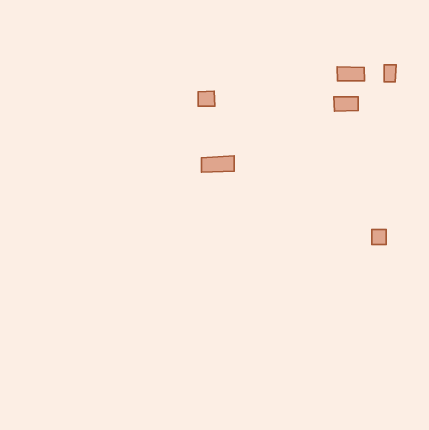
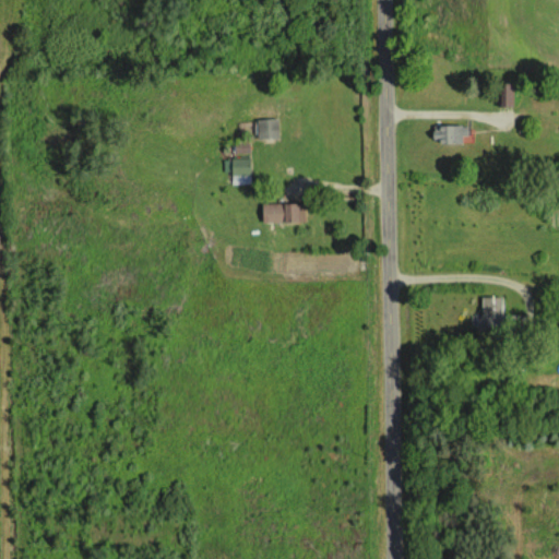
building: [337,67,364,81] -> none
building: none -> [233,158,252,185]

